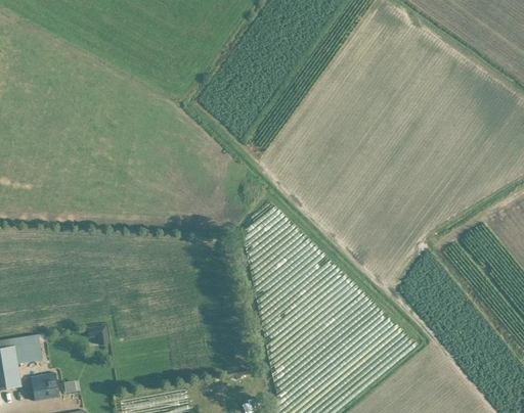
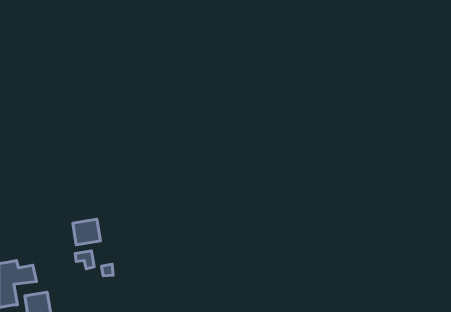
building: none -> [73,219,100,245]

